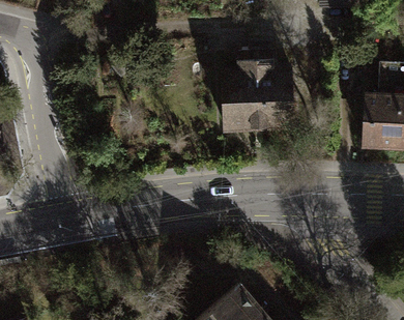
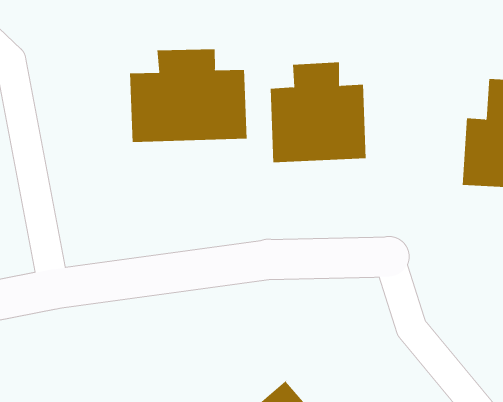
building: none -> [130,49,247,143]

